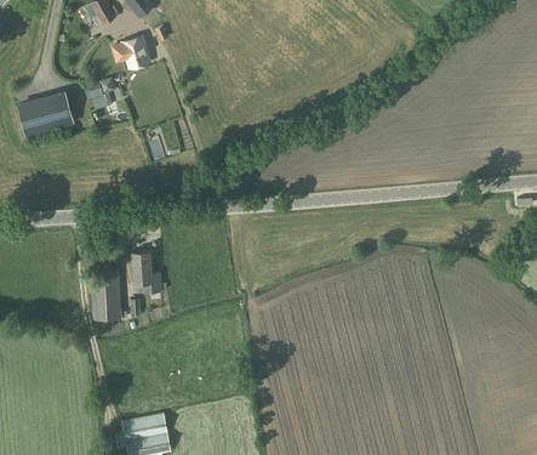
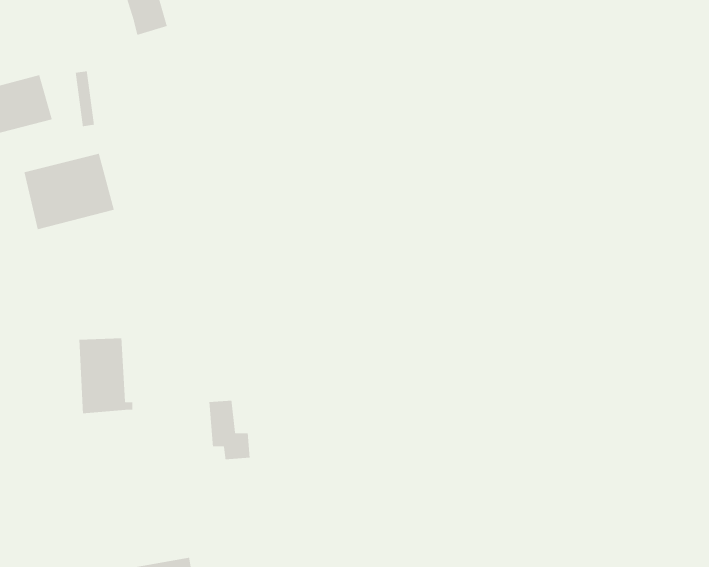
building: none -> [23,153,115,230]
building: [132,251,160,291] -> [208,400,250,460]

